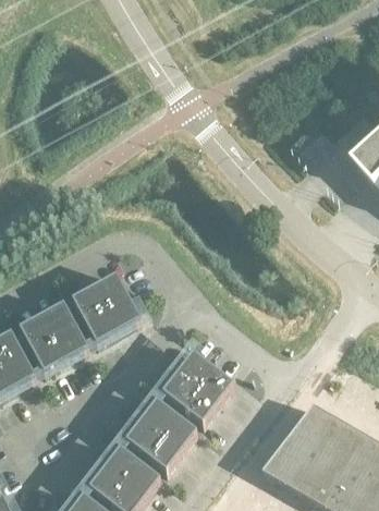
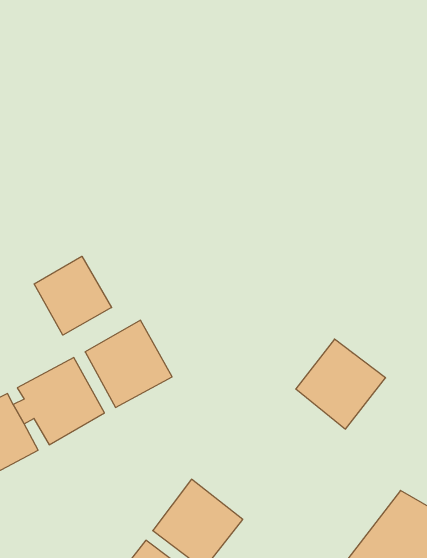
building: none -> [34,256,112,335]
building: [160,352,231,423] -> [296,339,386,429]

